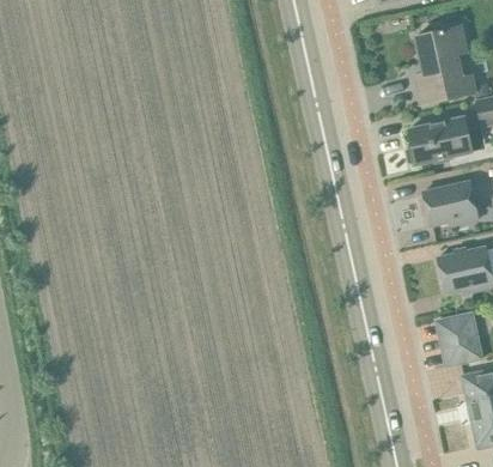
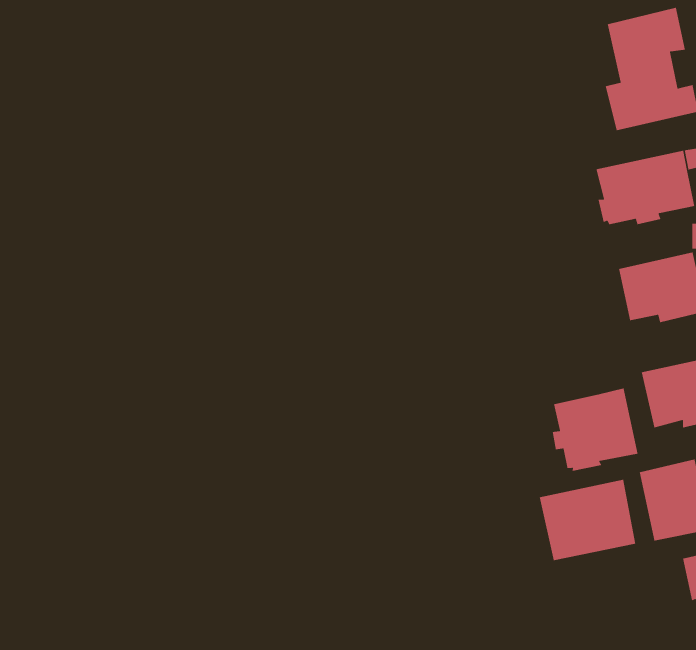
building: none -> [552,388,639,472]
building: none -> [539,479,636,561]

